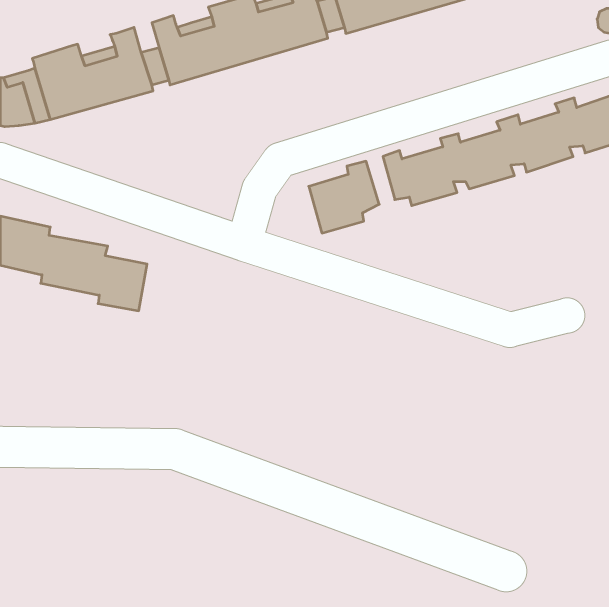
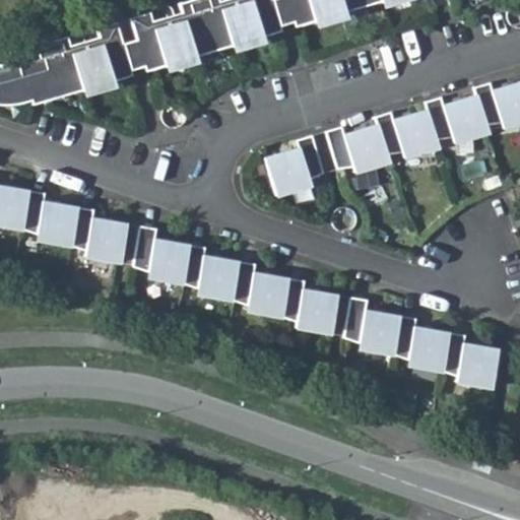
building: none -> [134,226,336,335]
building: none -> [344,299,498,390]

